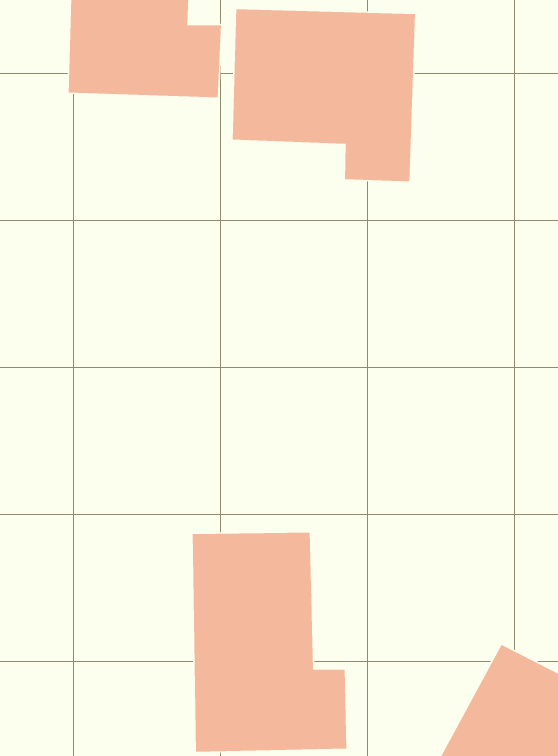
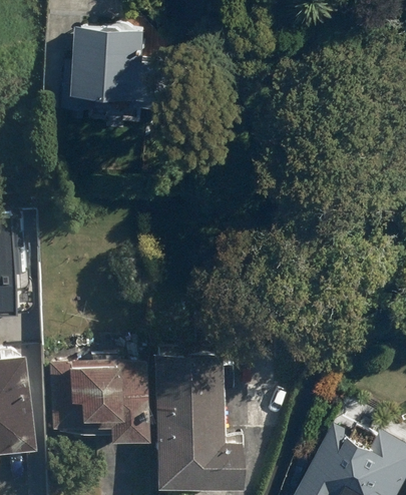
building: [232,9,416,182] -> none
building: none -> [47,362,144,441]

